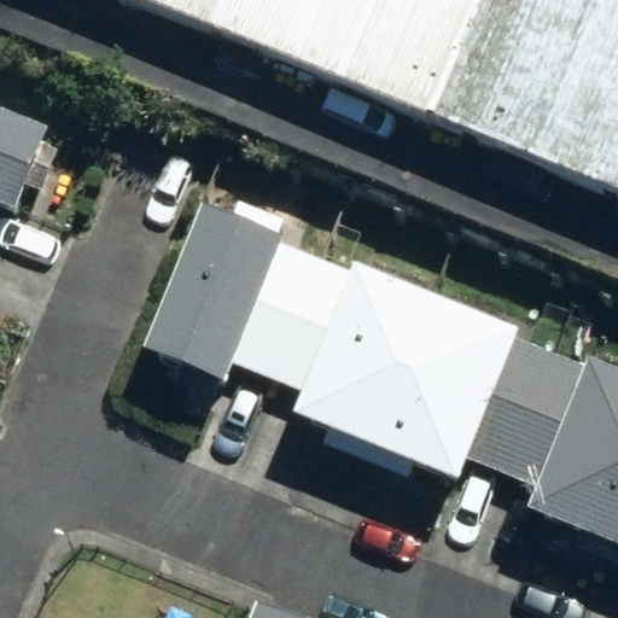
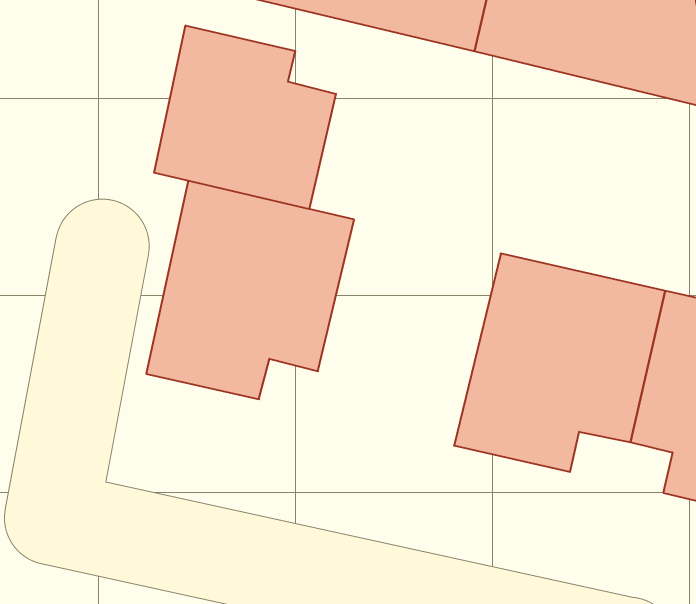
building: none -> [154,25,336,209]
building: [276,250,433,438] -> none

